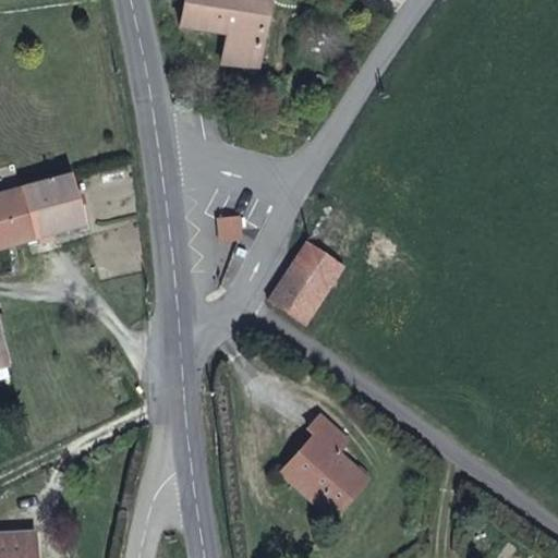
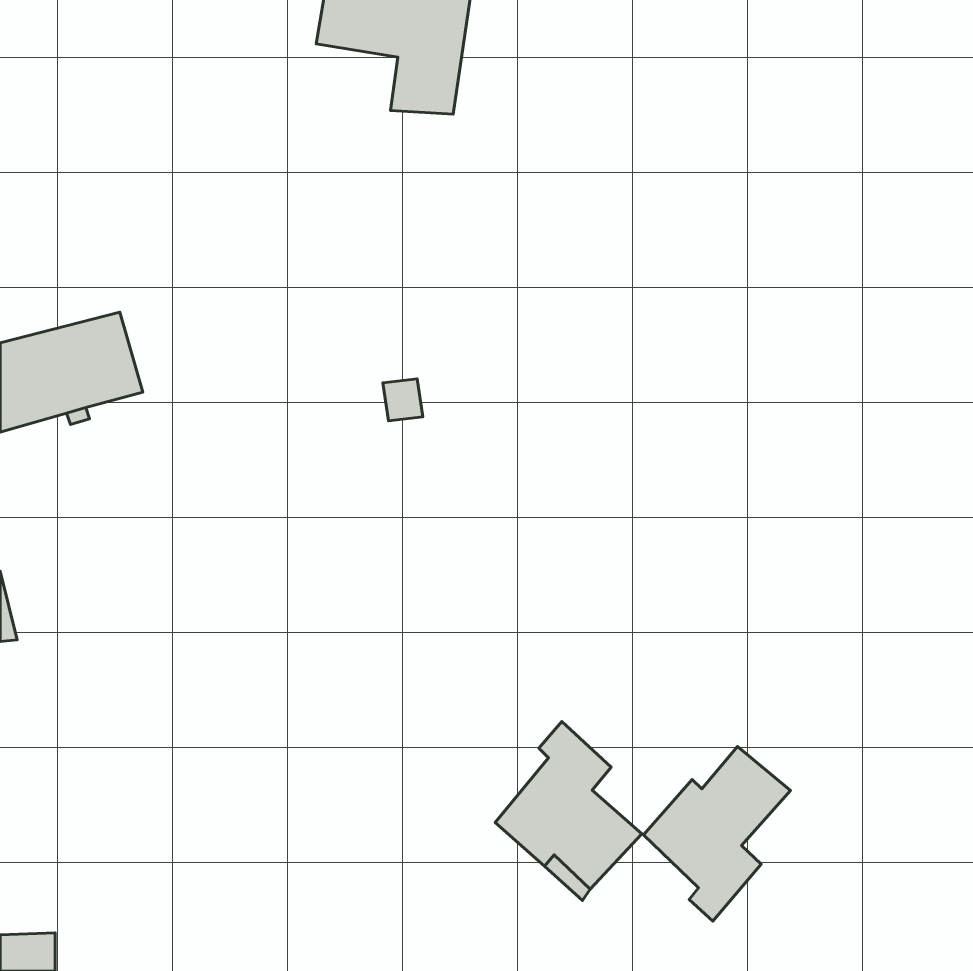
building: [268,242,342,323] -> none
building: none -> [643,747,790,921]

